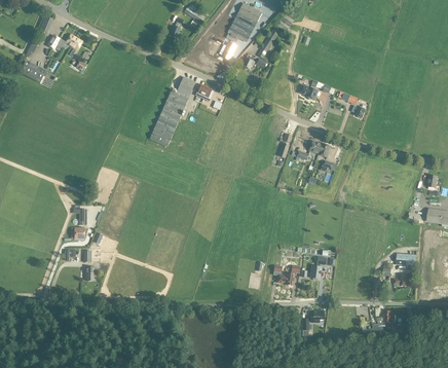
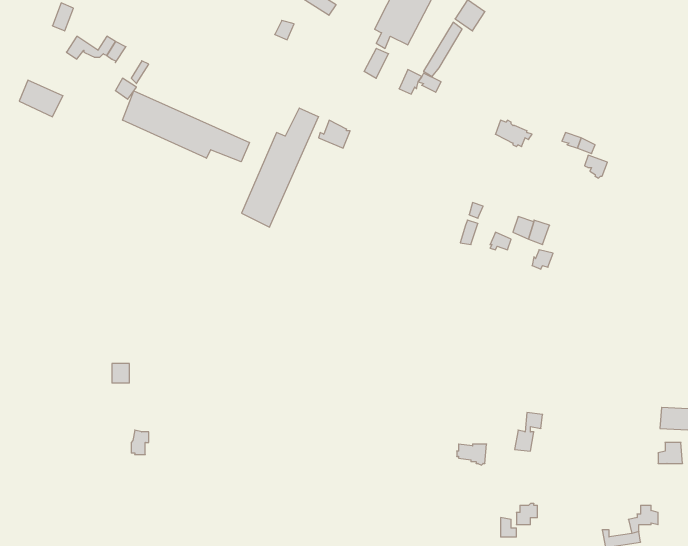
building: none -> [123,91,249,162]

